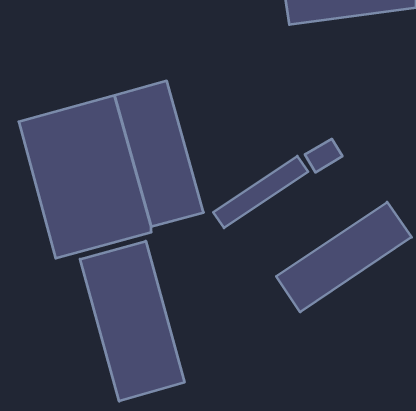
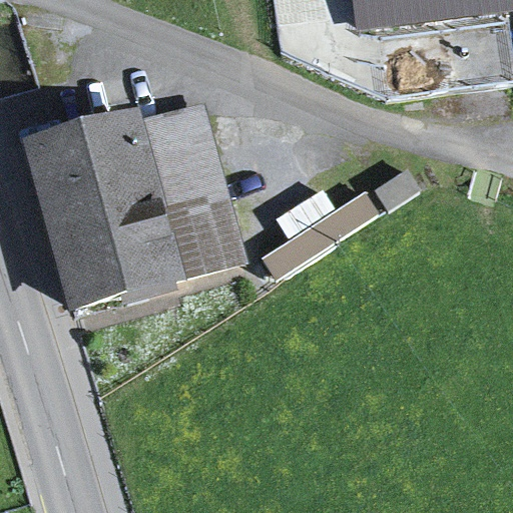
building: [276,202,412,312] -> none
building: [80,241,184,401] -> none

